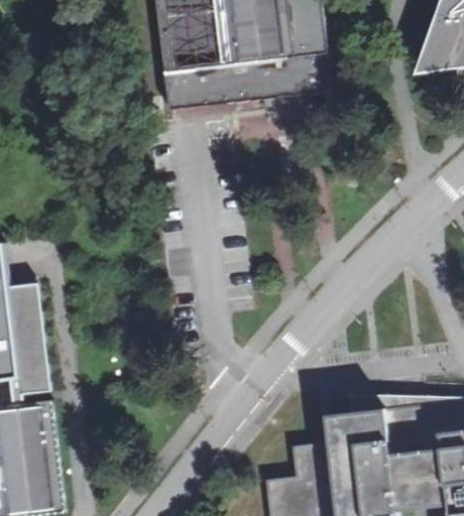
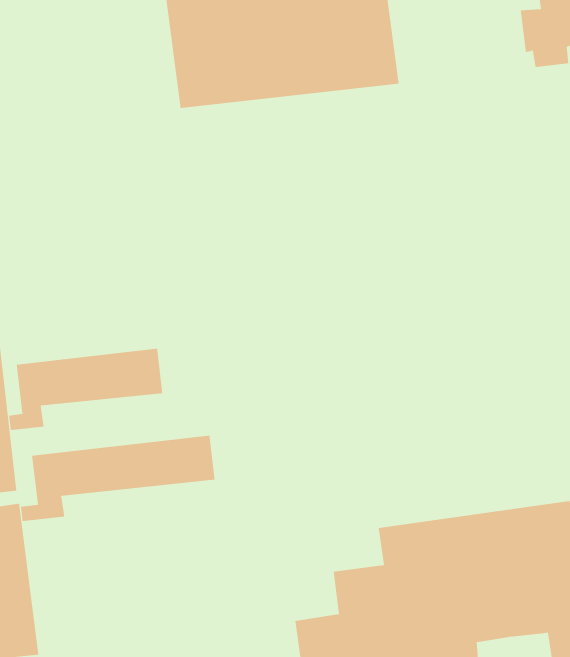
building: none -> [9,348,163,431]
building: none -> [20,435,215,522]

